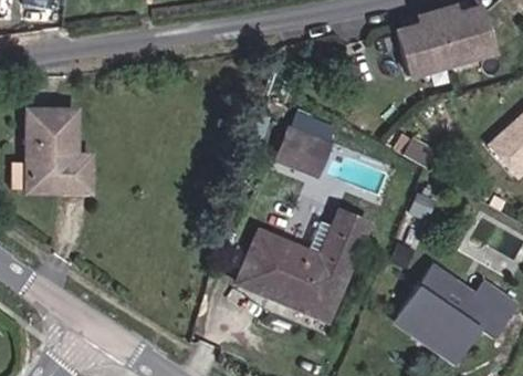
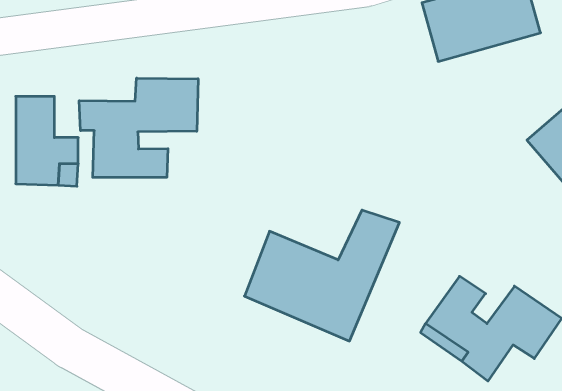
building: none -> [79,78,198,177]
building: [275,125,332,178] -> none

